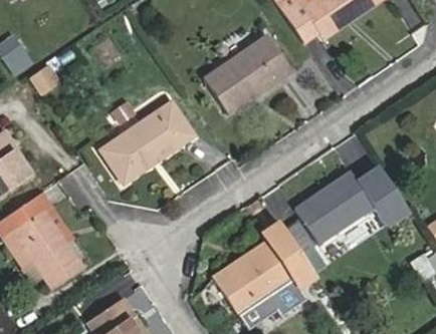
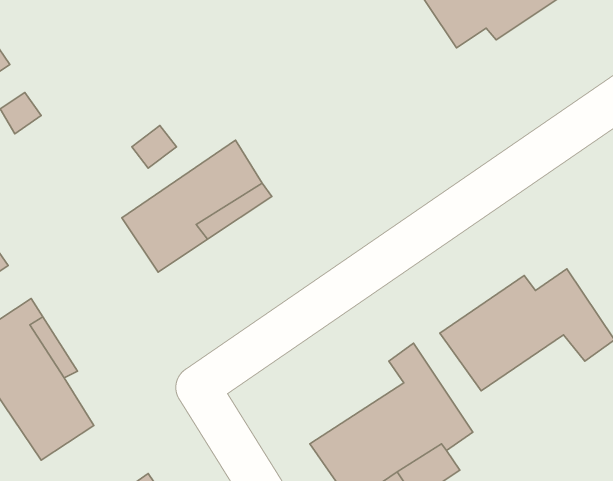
building: [207,34,293,113] -> none

